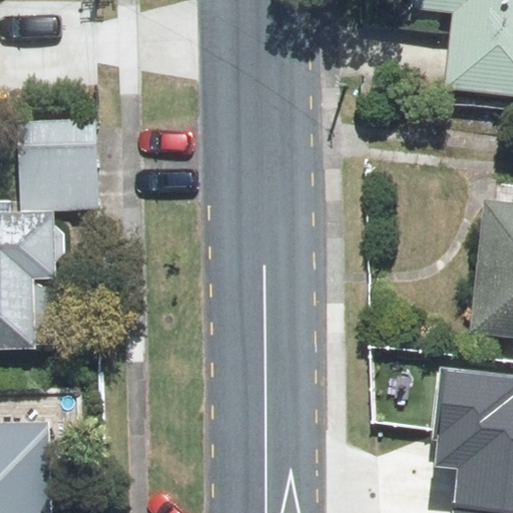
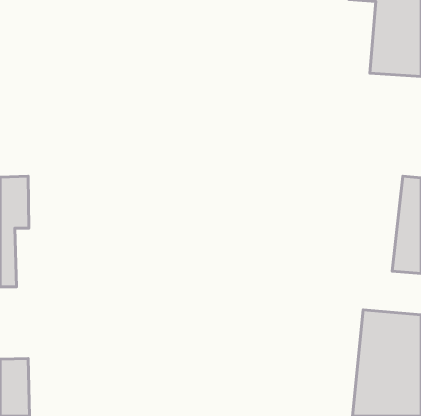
building: [5,120,98,209] -> none

